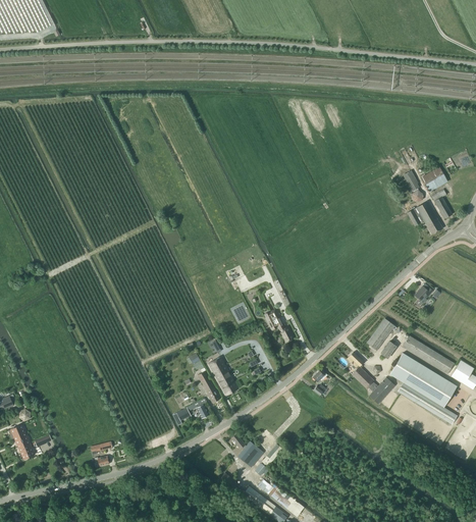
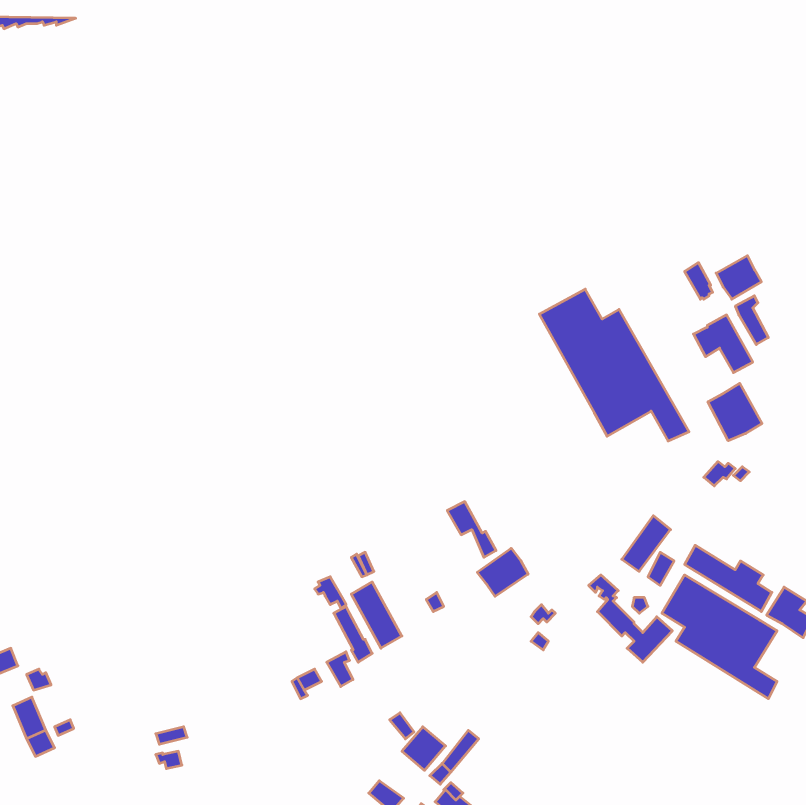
building: none -> [539,289,689,441]
building: none -> [708,383,762,441]
building: none -> [477,548,528,596]

